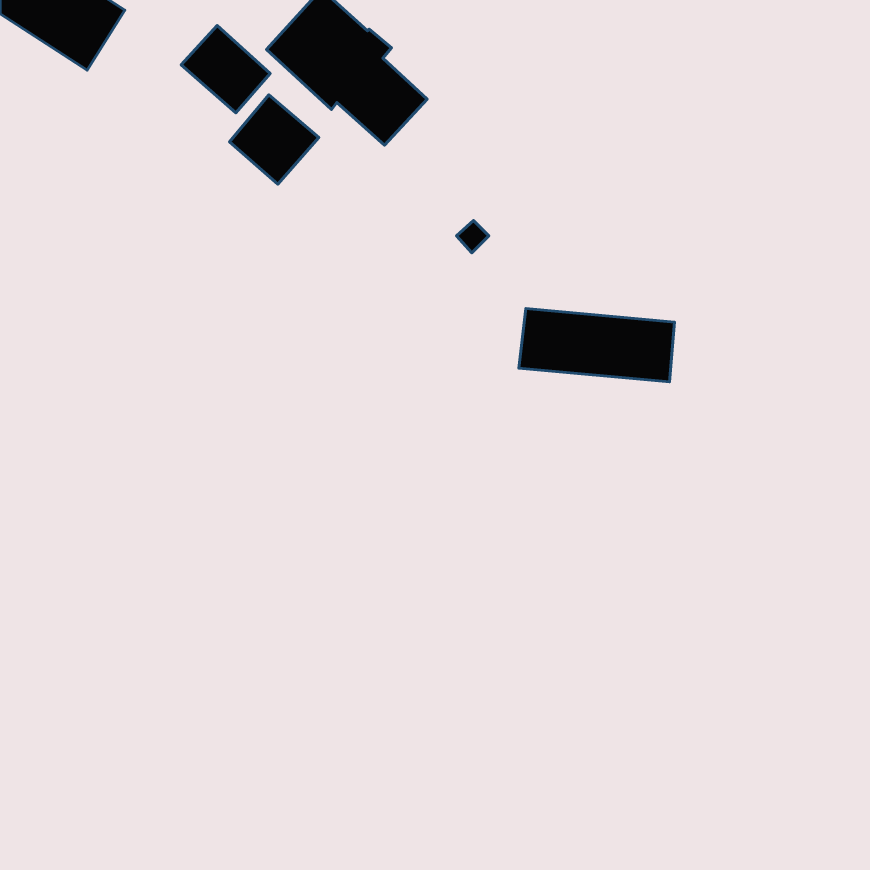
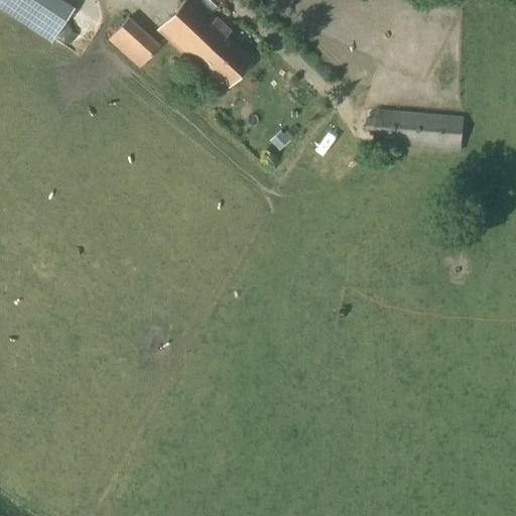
building: [230,95,319,184] -> none
building: [519,308,675,382] -> [375,108,467,151]

